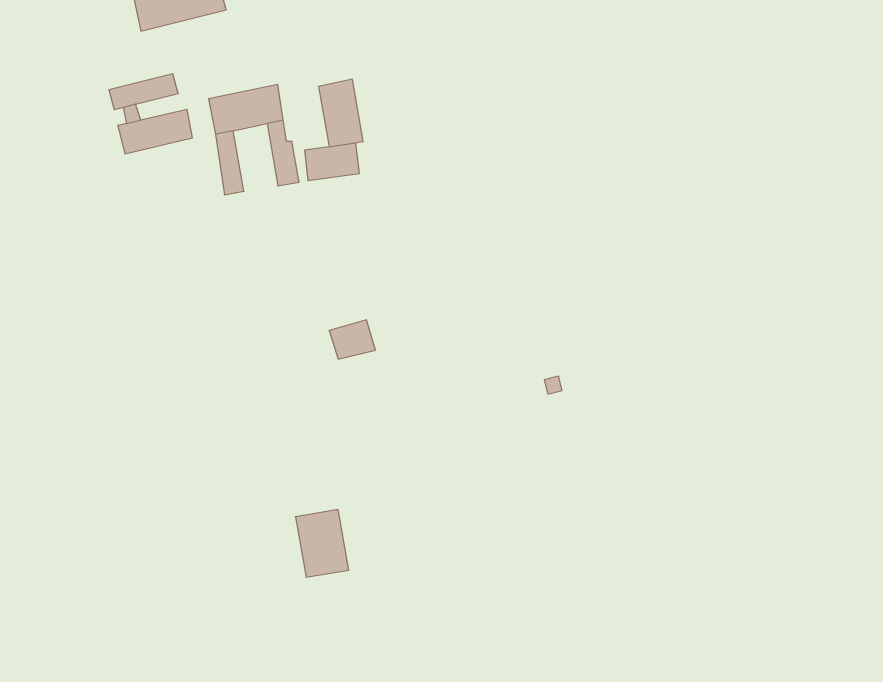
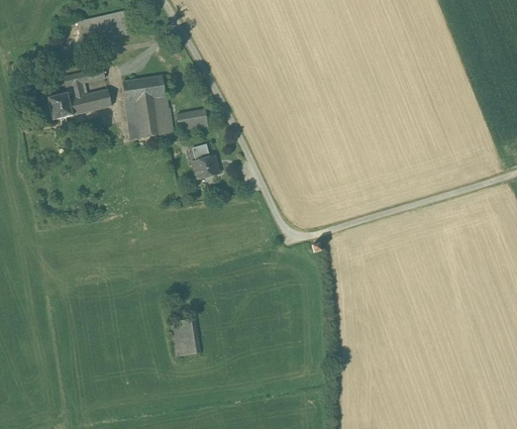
building: [319,79,363,147] -> [135,98,161,136]
building: none -> [49,94,74,120]
building: [329,320,375,359] -> [193,155,219,178]

